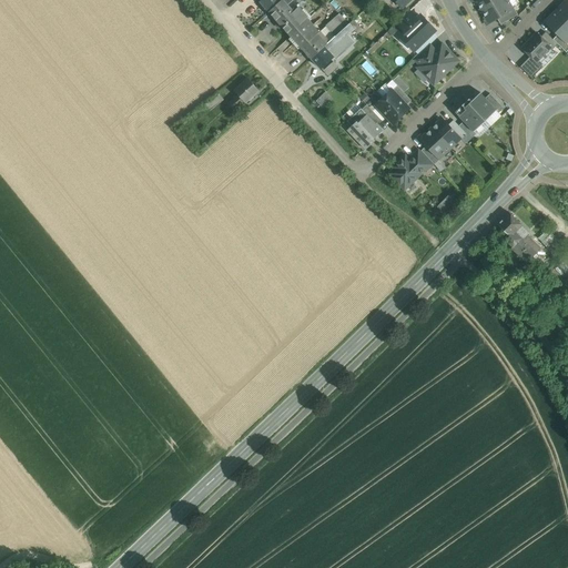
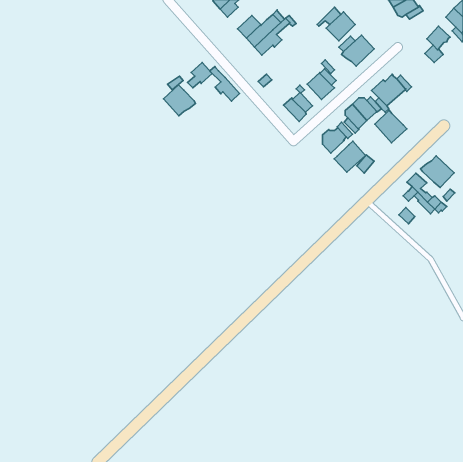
building: [278,4,308,36] -> none
building: none -> [210,67,240,101]
building: none -> [163,85,196,116]
building: none -> [375,110,407,143]
building: none -> [334,141,366,172]
building: none -> [421,156,454,188]

